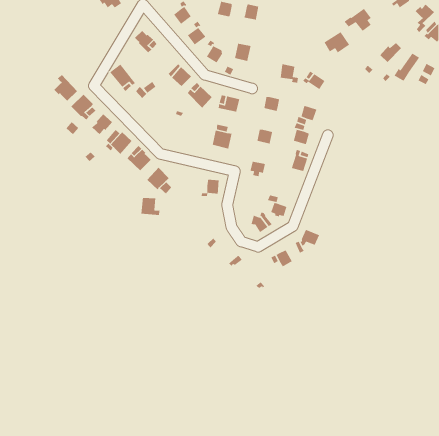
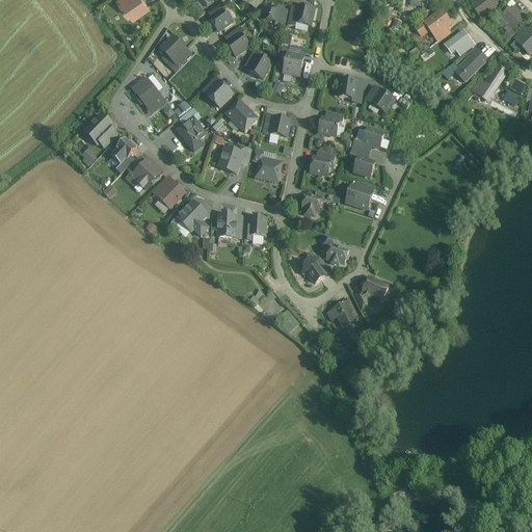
building: [324,31,350,54] -> [442,27,474,54]
building: [54,74,78,102] -> none
building: none -> [177,116,205,144]
building: none -> [218,143,247,171]
building: [141,197,160,216] -> [217,214,241,237]

